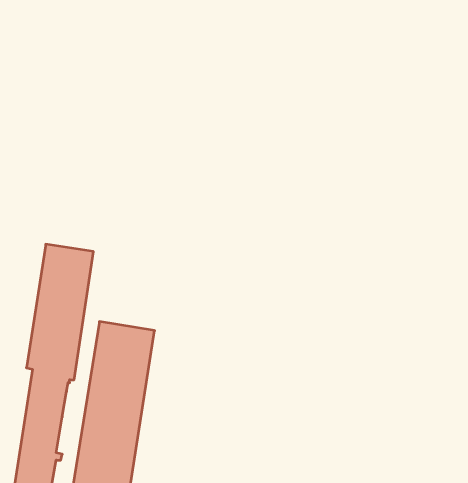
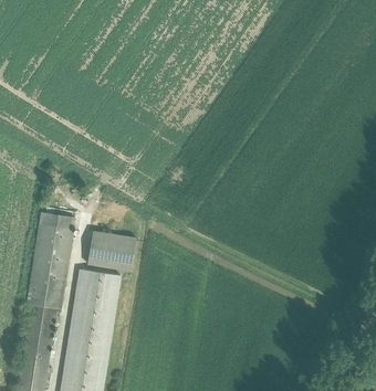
building: none -> [87,230,136,271]

